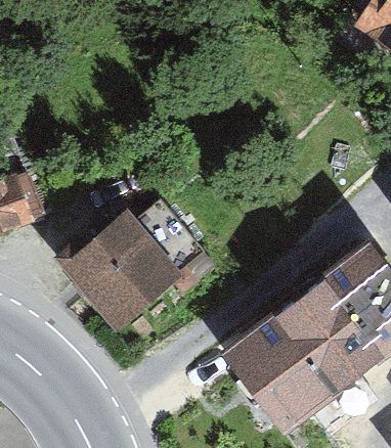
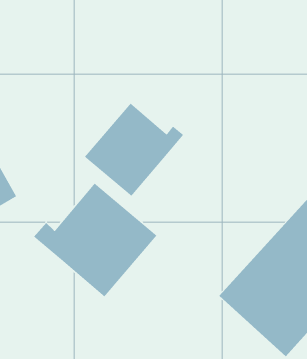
building: none -> [84,102,184,197]

